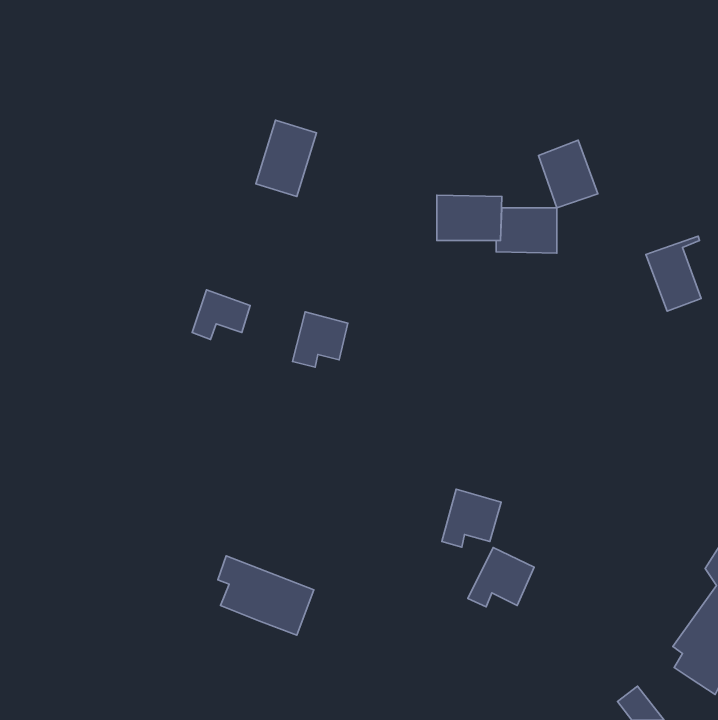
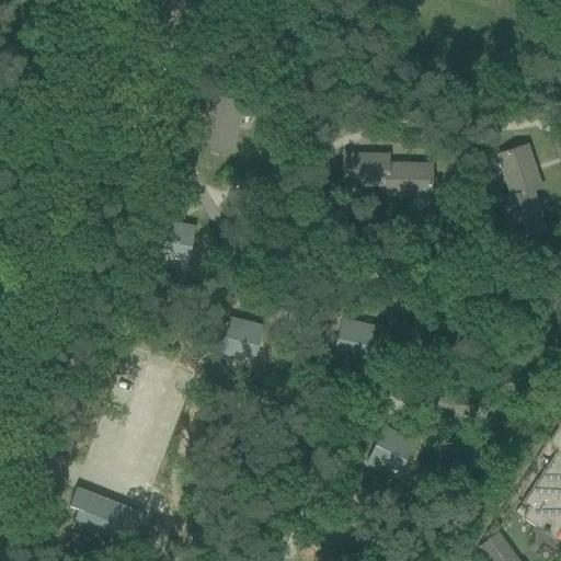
building: [538,140,598,208] -> [499,141,545,194]
building: [293,312,348,367] -> [221,319,264,362]
building: [442,489,501,547] -> [332,317,378,362]
building: [218,556,314,635] -> [71,486,146,548]

